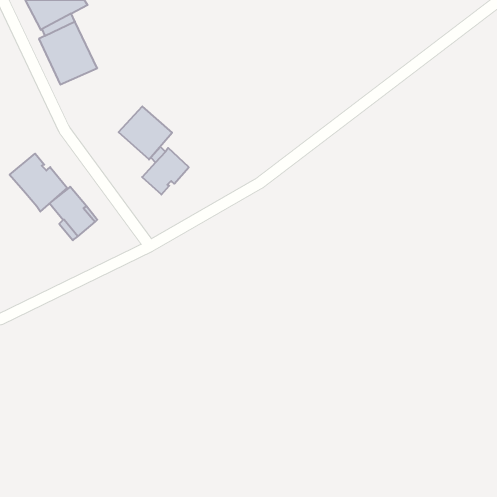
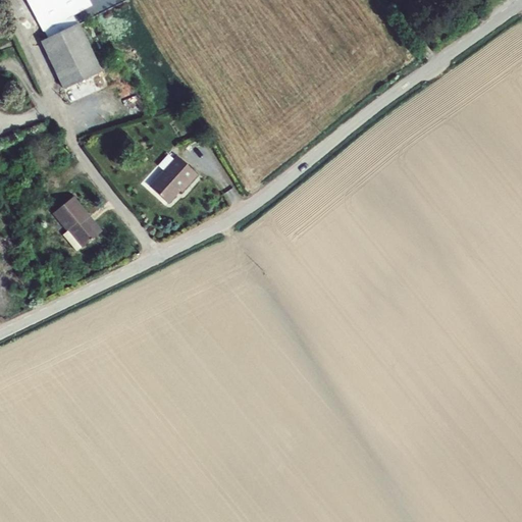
building: [119,106,172,160] -> none
building: [10,154,67,212] -> none

